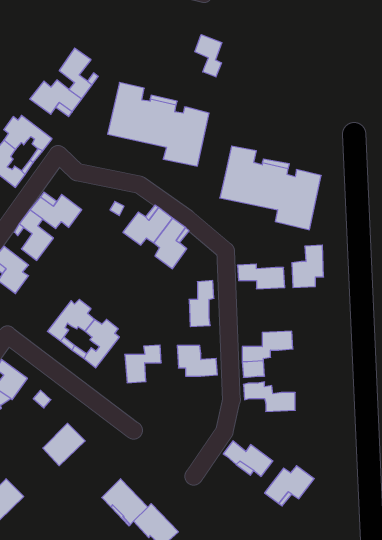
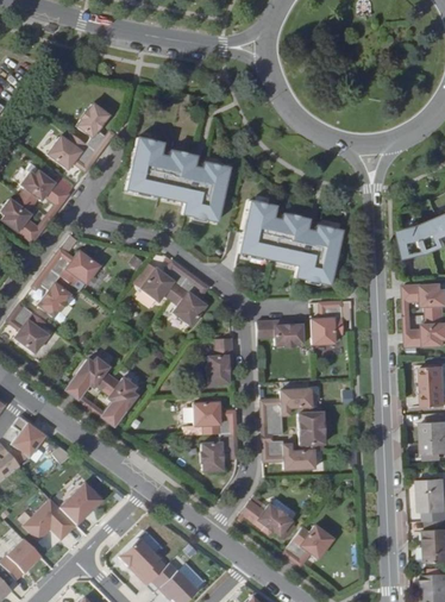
building: [195,35,222,77] -> none
building: [125,345,161,383] -> [201,432,238,470]
building: none -> [300,412,325,444]
building: none -> [25,496,77,539]

